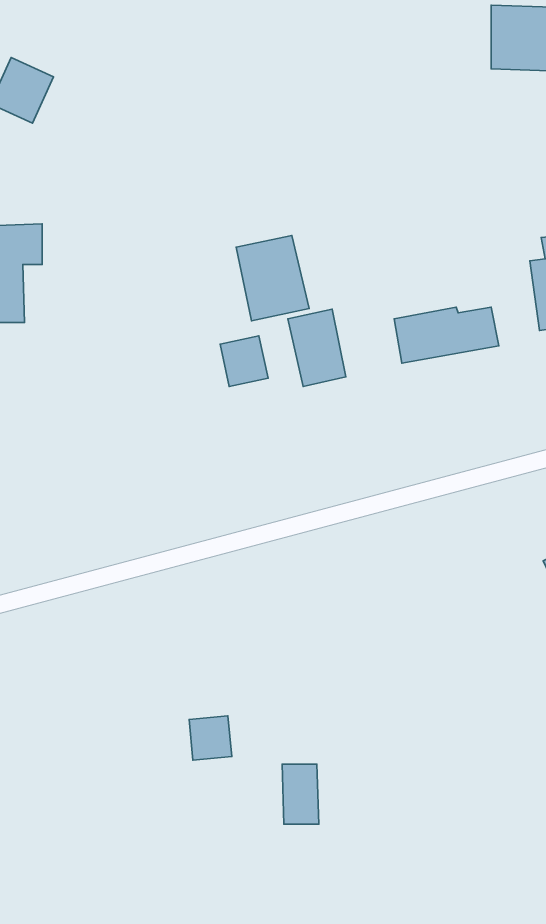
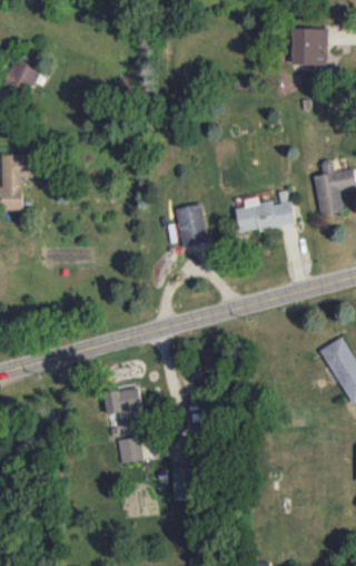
building: [236,236,309,321] -> none
building: [220,336,268,387] -> none
building: none -> [103,388,144,435]

